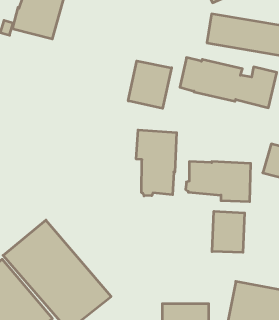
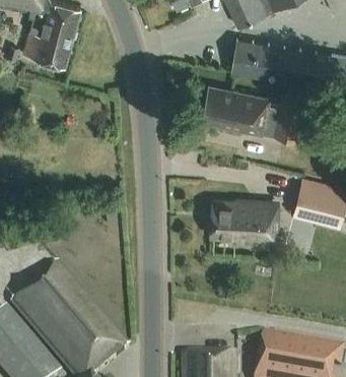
building: [128,61,172,108] -> none
building: [136,130,177,196] -> none
building: [212,211,245,252] -> none

